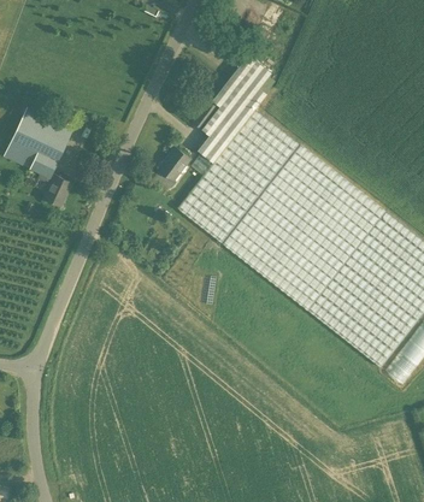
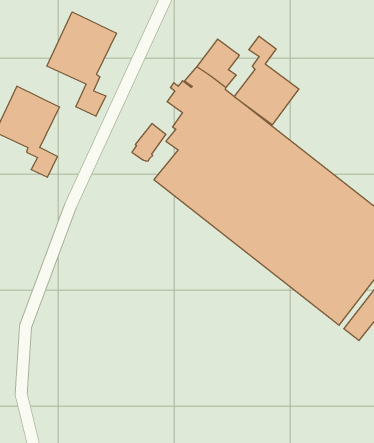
building: none -> [47,12,116,116]
building: none -> [234,36,299,125]

